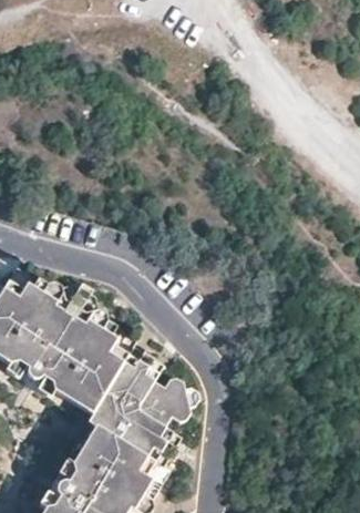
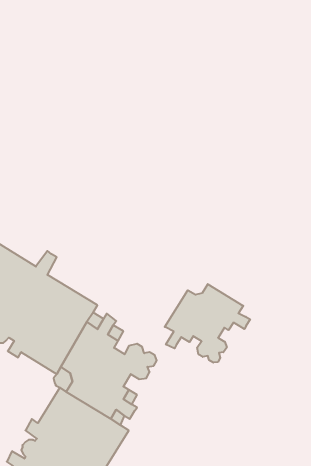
building: none -> [165,284,250,363]

